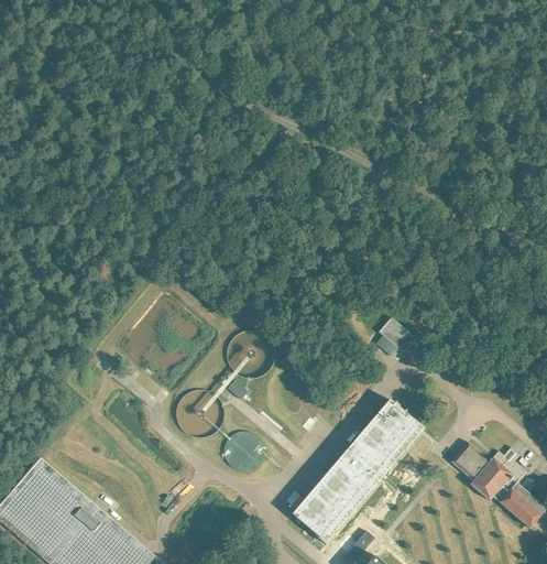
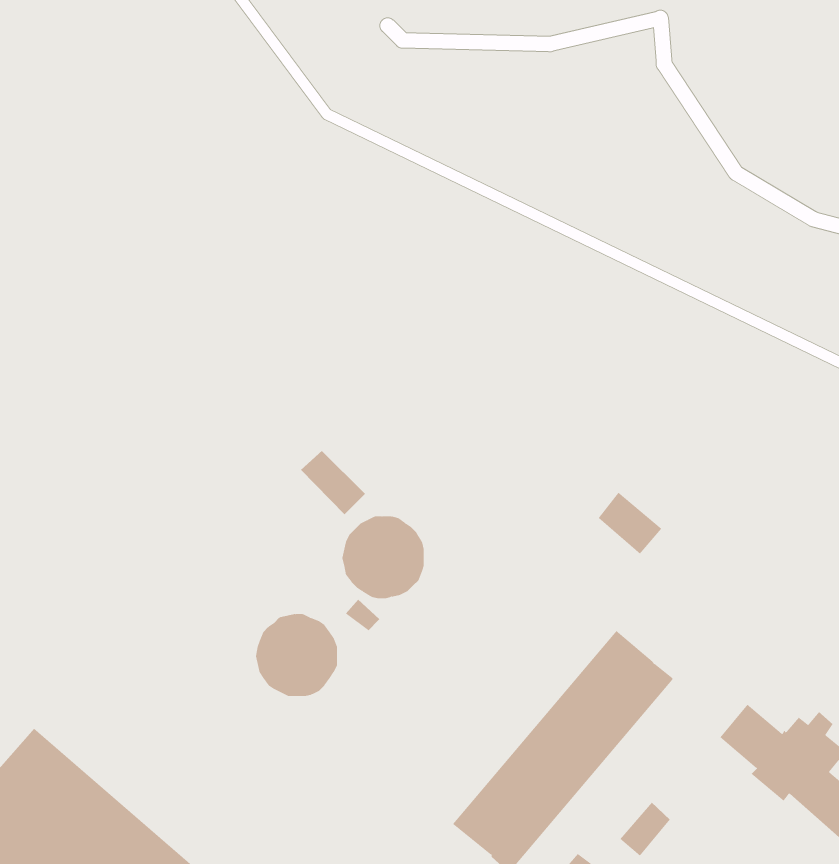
building: none -> [300,450,366,515]
building: [223,432,262,470] -> none
building: none -> [619,802,671,856]

